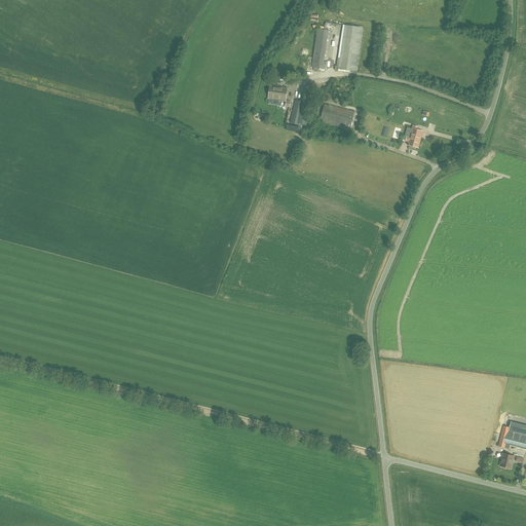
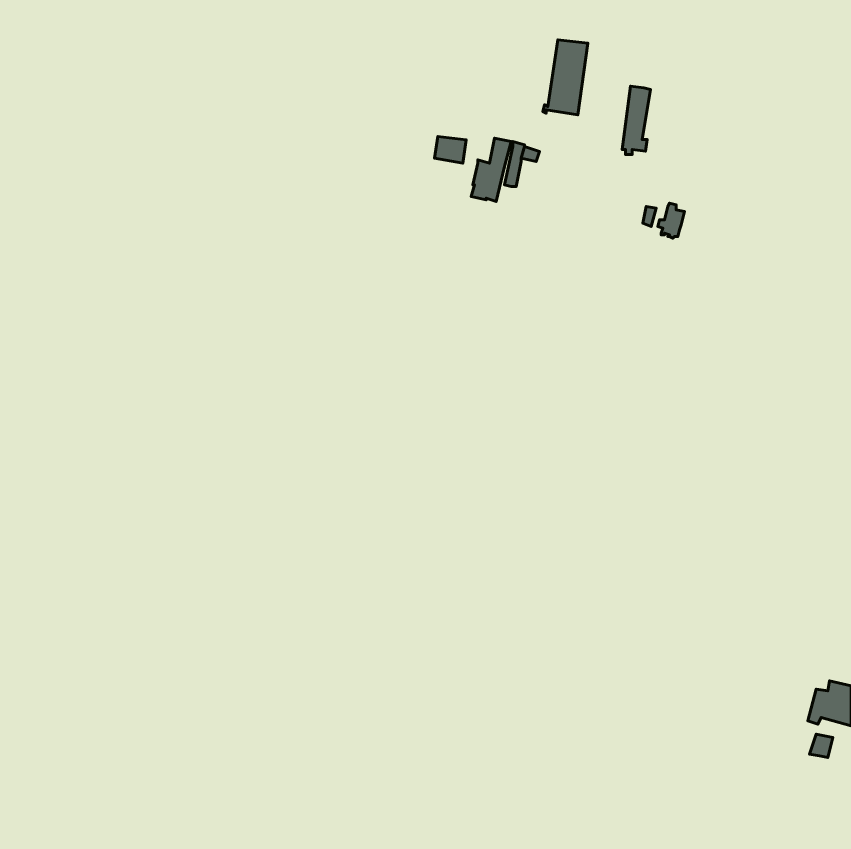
building: [311,28,329,70] -> [622,86,650,154]
building: [321,103,354,129] -> none

